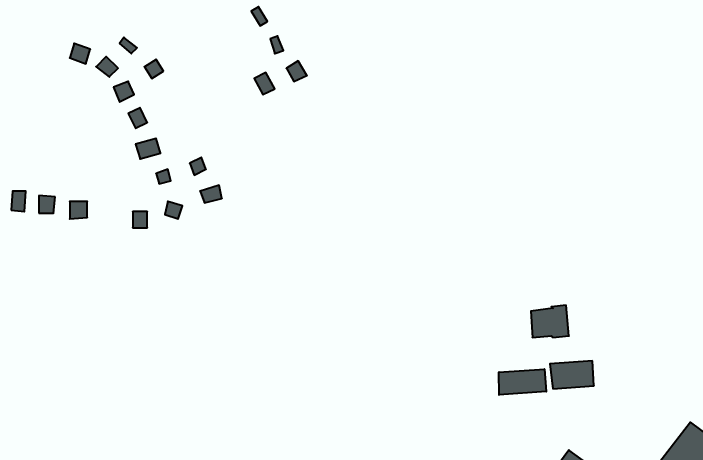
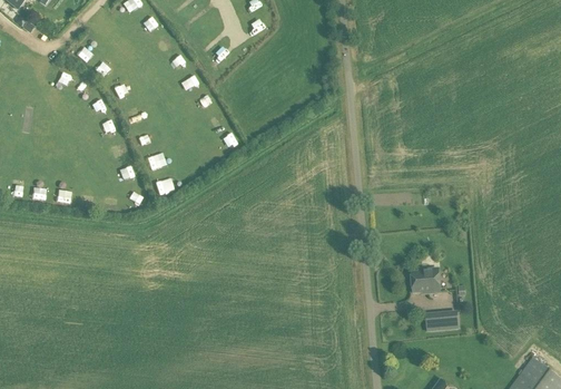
building: [499,369,546,395] -> none

